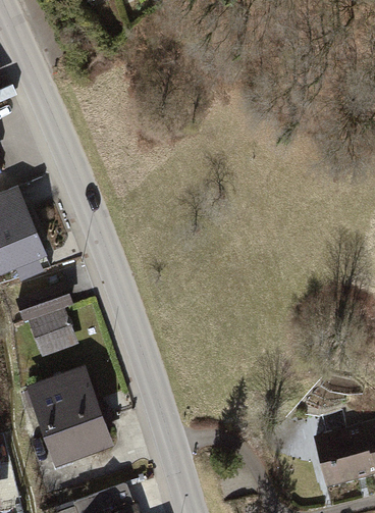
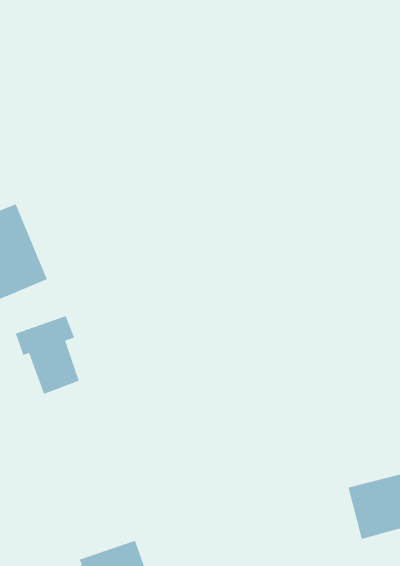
building: [29,370,110,466] -> none

